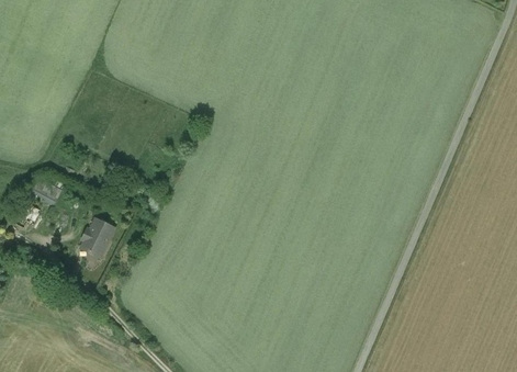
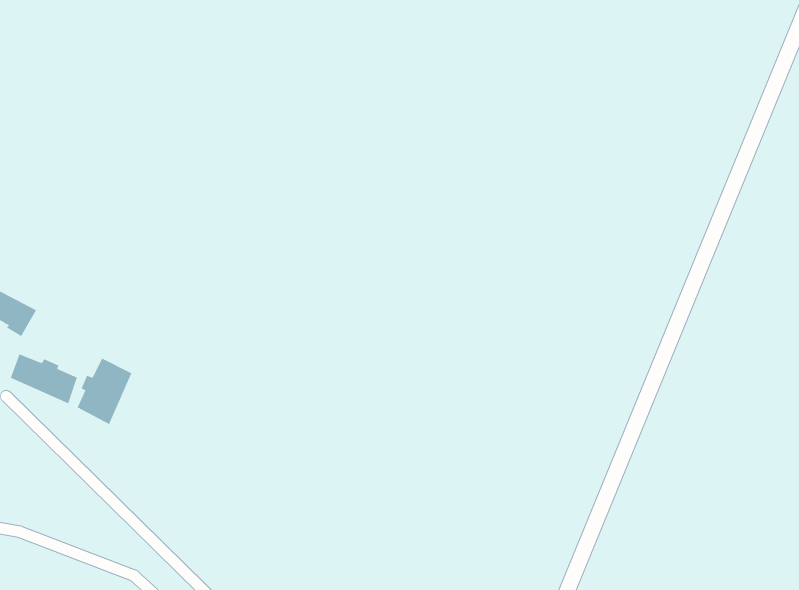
building: none -> [10,353,77,404]

